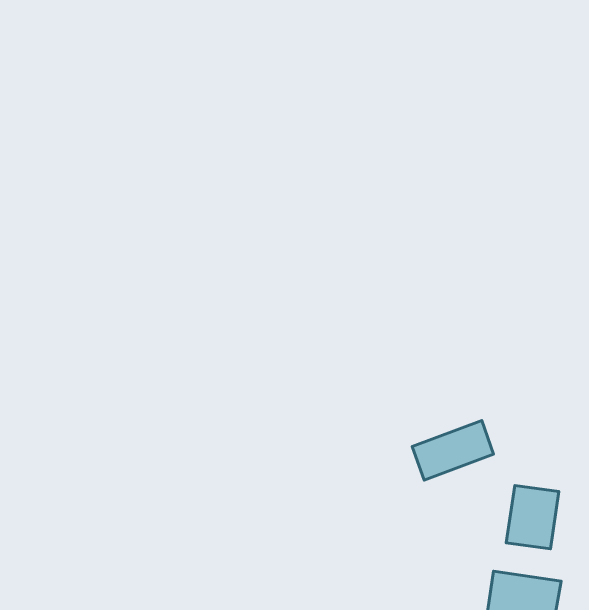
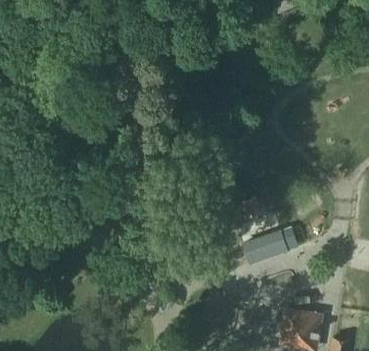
building: [506,486,559,549] -> none

